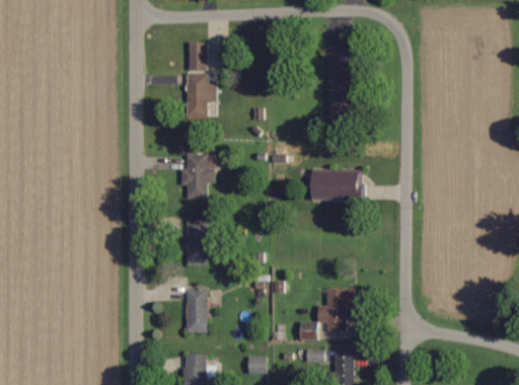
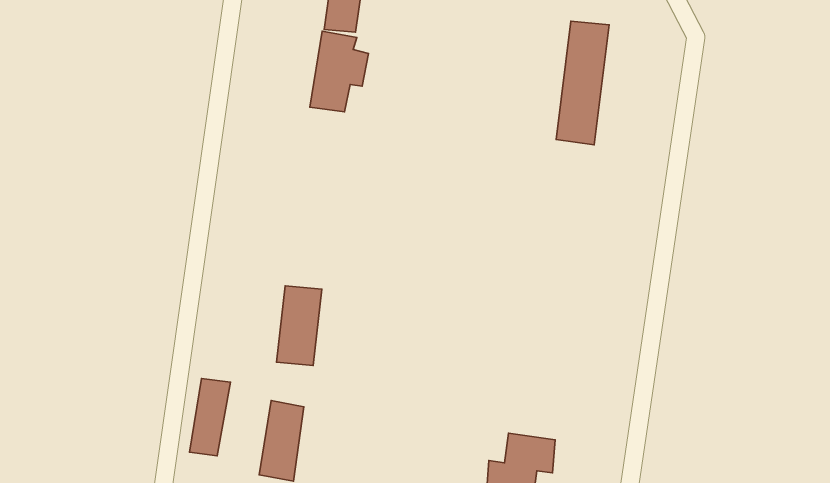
building: [181,154,216,199] -> none
building: [311,168,362,202] -> none
building: none -> [189,378,231,456]

